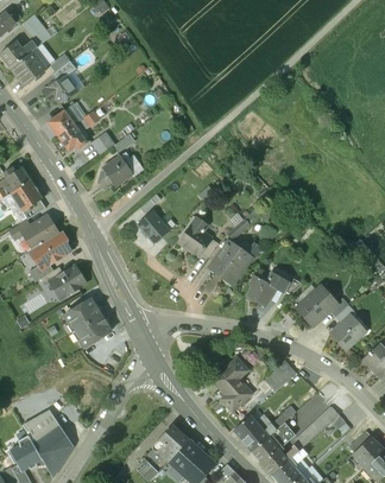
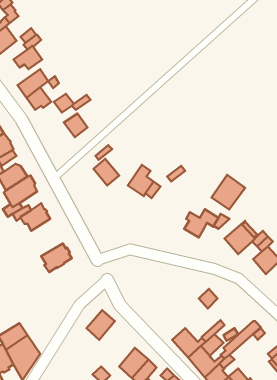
building: [210,240,251,281] -> [212,175,245,209]
building: [64,297,101,328] -> none
building: [212,356,251,409] -> none
building: [153,425,188,460] -> [86,310,115,340]

